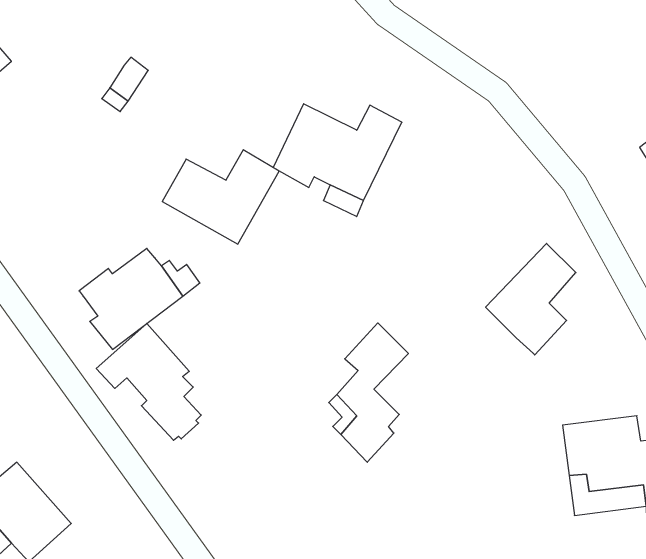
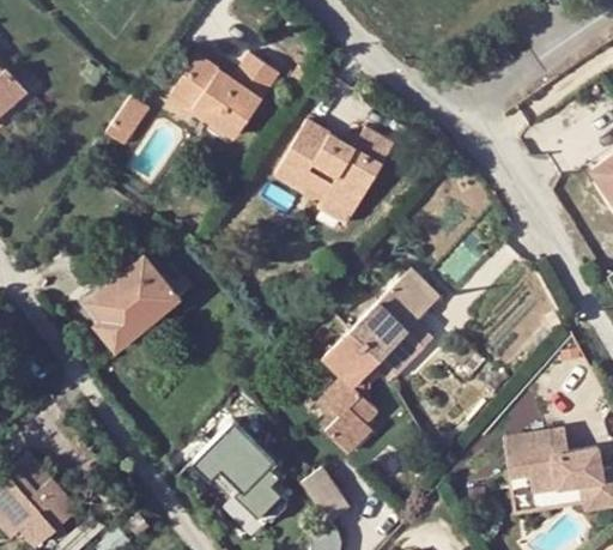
building: [162,150,279,244] -> [164,46,269,131]
building: [486,243,576,355] -> [356,273,437,374]
building: [96,323,201,440] -> [188,418,283,524]
building: none -> [303,469,351,521]

